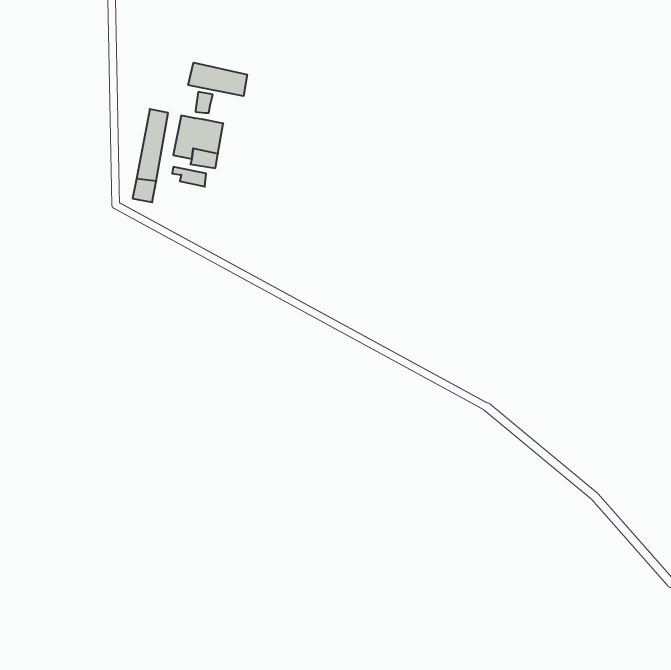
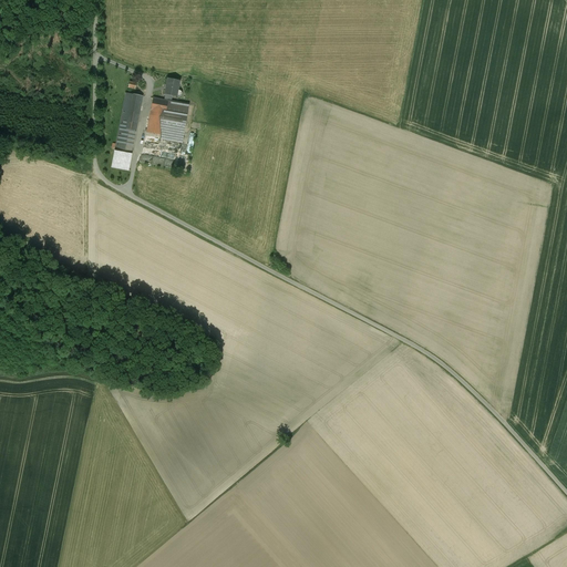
building: [188,63,247,96] -> none

